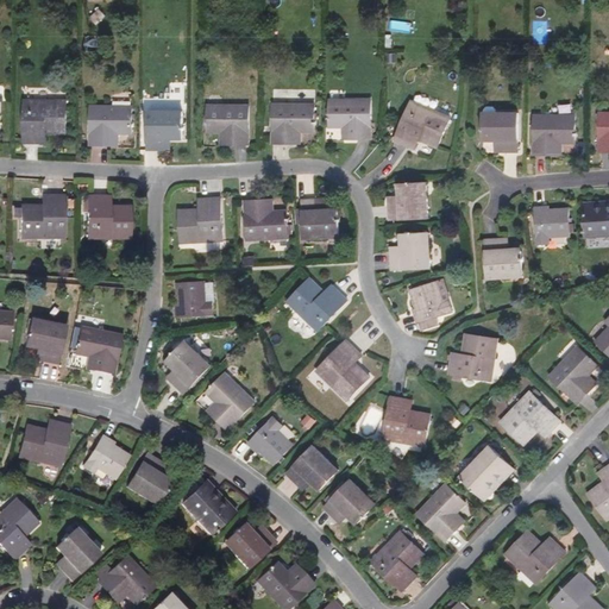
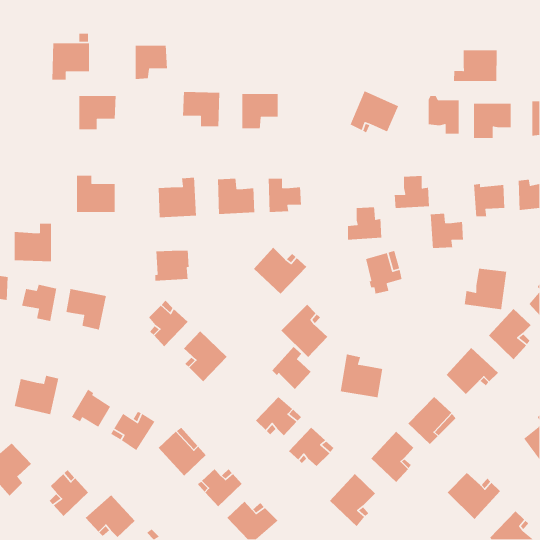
building: none -> [453,49,497,82]
building: [327,99,370,139] -> none
building: [21,100,64,143] -> [52,42,90,81]
building: [146,112,183,151] -> [135,45,168,80]
building: [387,182,427,220] -> [394,175,430,209]
building: [19,195,62,239] -> [14,223,52,262]
building: [448,332,497,379] -> [464,268,507,310]
building: [249,415,294,464] -> [271,346,312,390]

